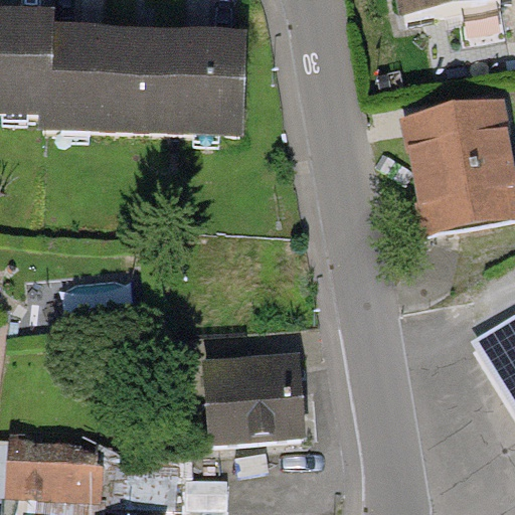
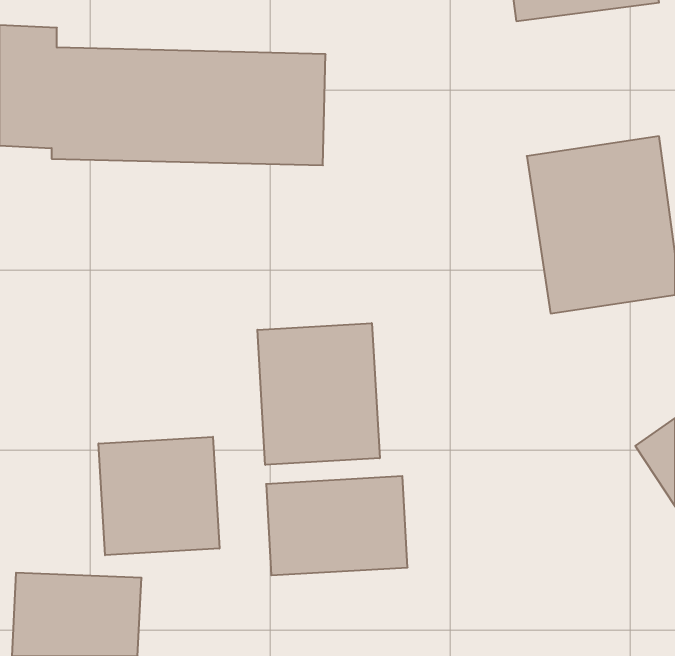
building: none -> [257,323,380,465]
building: none -> [99,437,219,555]

